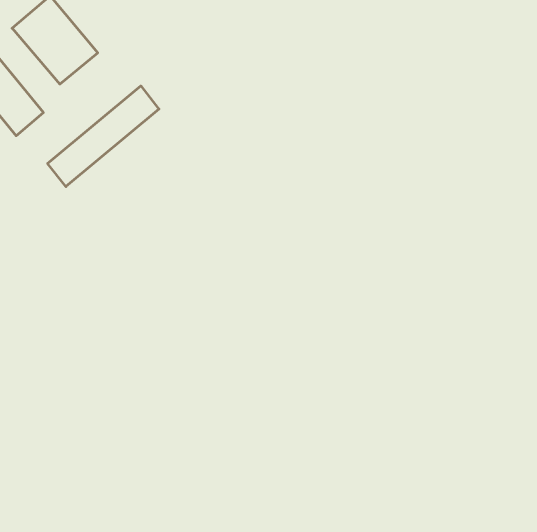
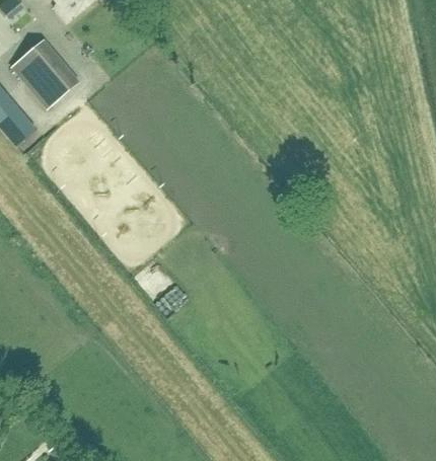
building: [48,86,159,187] -> none

